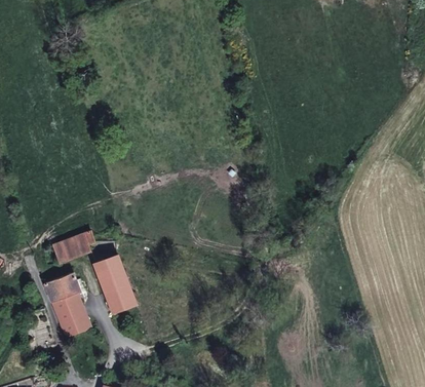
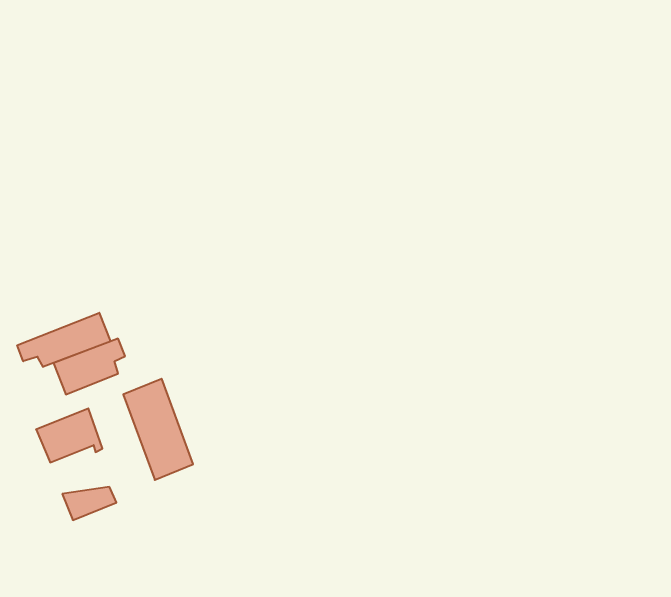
building: none -> [17,313,110,367]
building: [51,293,86,321] -> none

